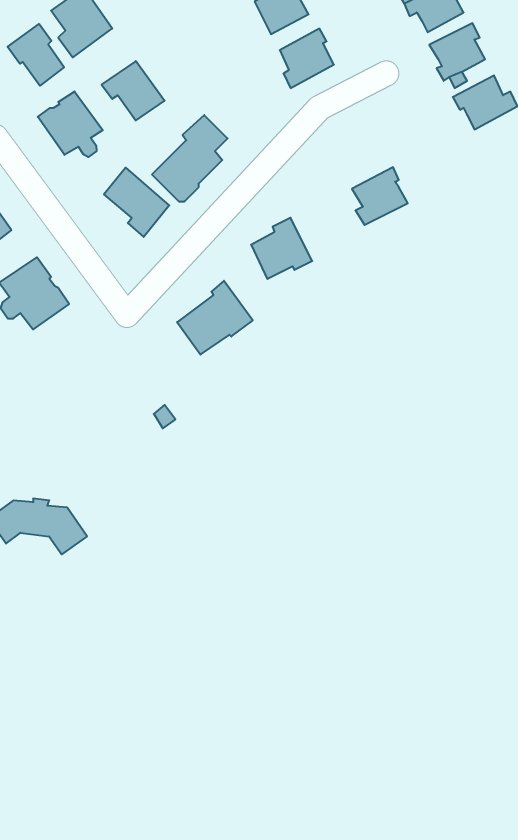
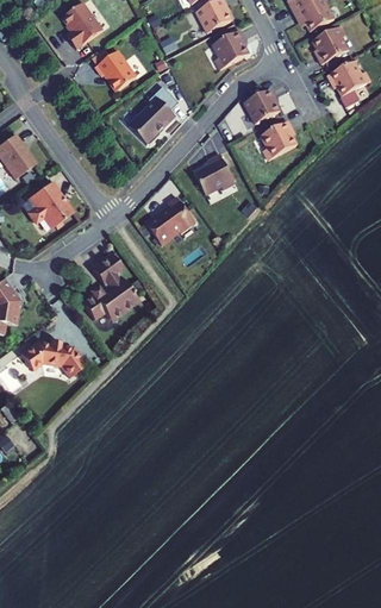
building: [8,24,64,86] -> none
building: [38,91,103,157] -> none
building: none -> [244,89,280,124]
building: [104,168,169,237] -> none
building: none -> [81,253,137,319]

